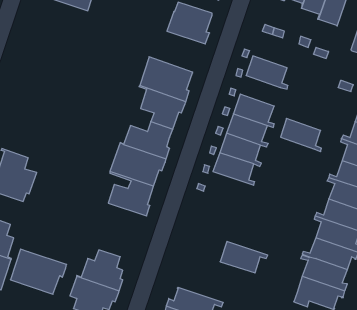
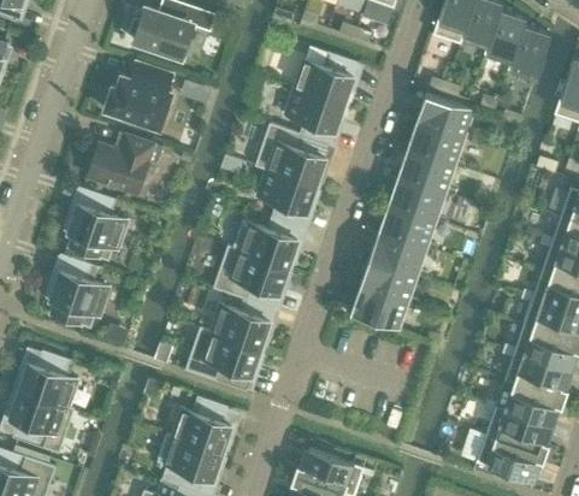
building: none -> [105,63,172,128]
building: none -> [268,87,348,144]
building: none -> [415,93,474,141]
building: none -> [87,134,163,194]
building: none -> [63,187,128,260]
building: [281,118,321,152] -> [397,149,455,196]
building: [220,241,268,273] -> [349,285,416,330]
building: [10,249,67,294] -> [185,326,265,390]

